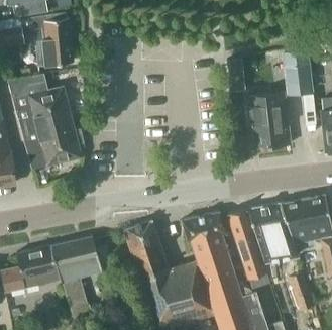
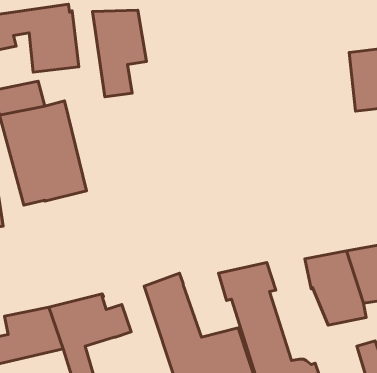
building: none -> [92,10,147,97]
building: [246,91,289,146] -> none
building: [227,209,266,279] -> none

